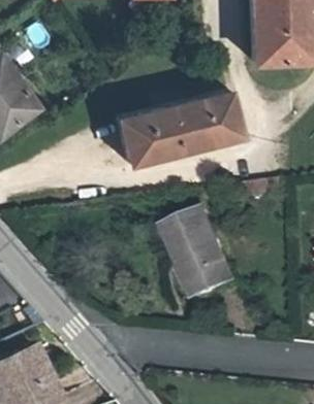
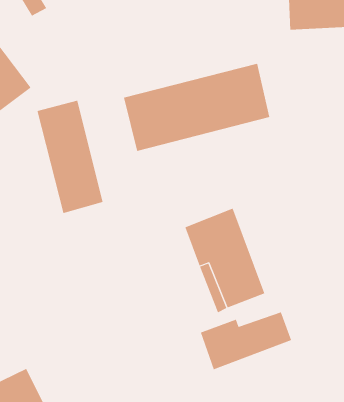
building: none -> [37,100,103,214]
building: none -> [200,311,292,370]

